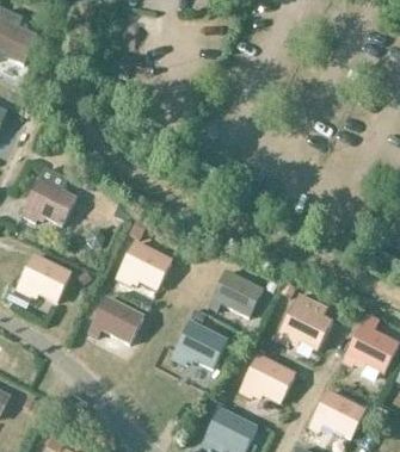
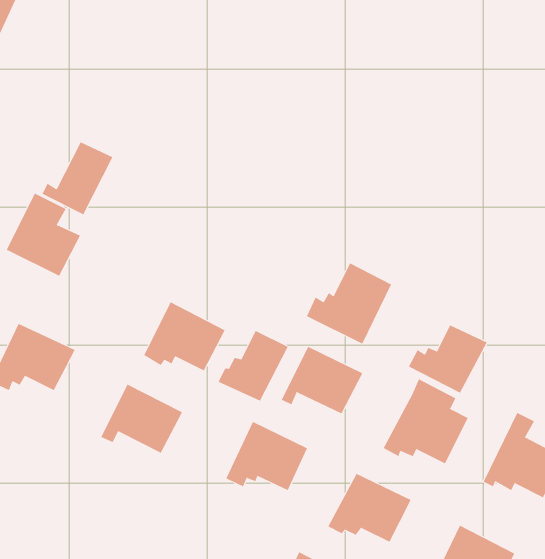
building: none -> [42,142,113,215]
building: none -> [306,263,392,344]
building: none -> [408,324,487,393]
building: none -> [218,330,288,402]

